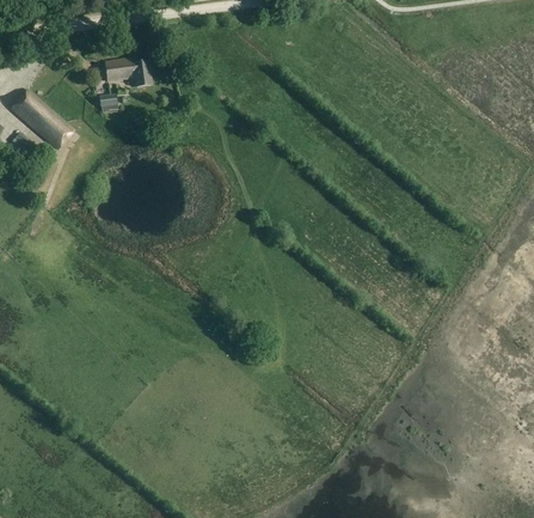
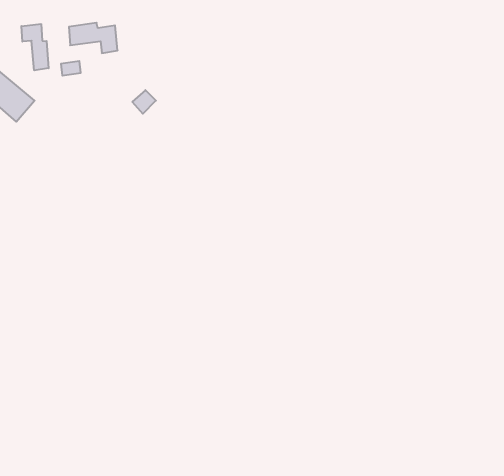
building: none -> [21,24,49,70]

